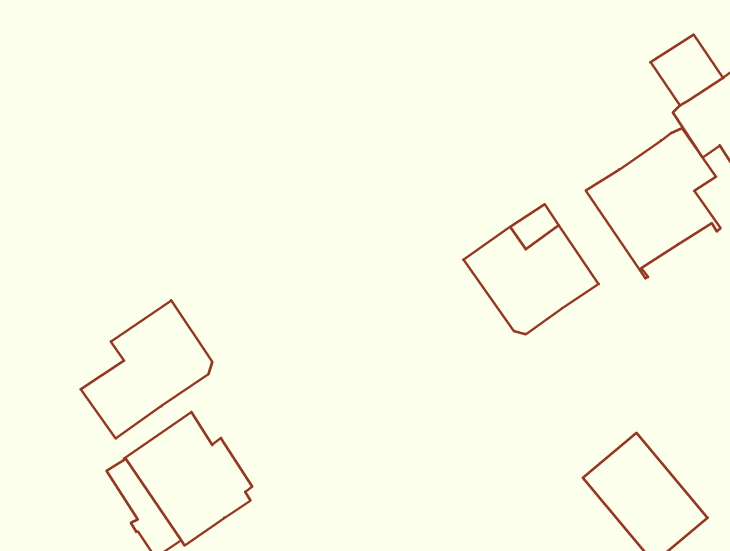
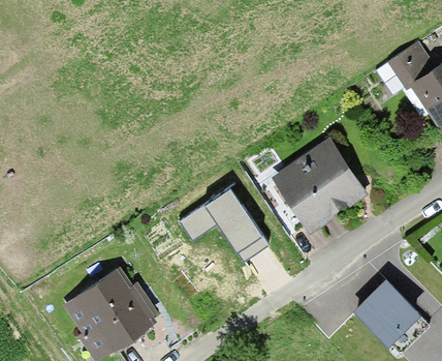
building: [586,128,720,278] -> none
building: none -> [179,184,272,263]
building: [81,300,212,438] -> none

